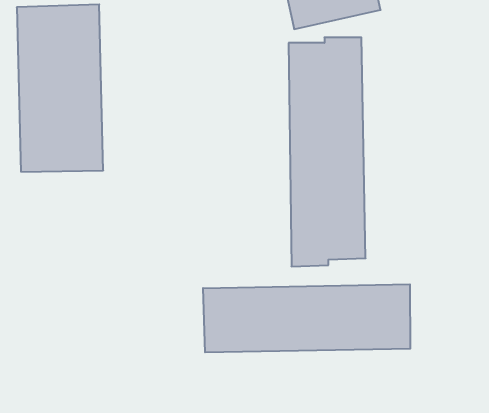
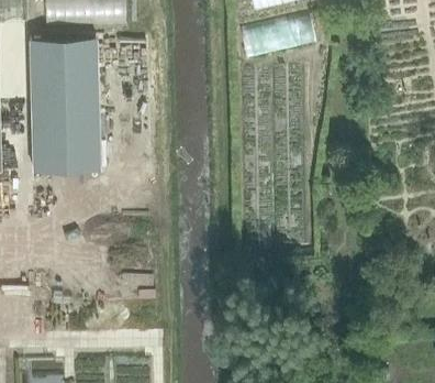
building: [203,284,410,352] -> none

